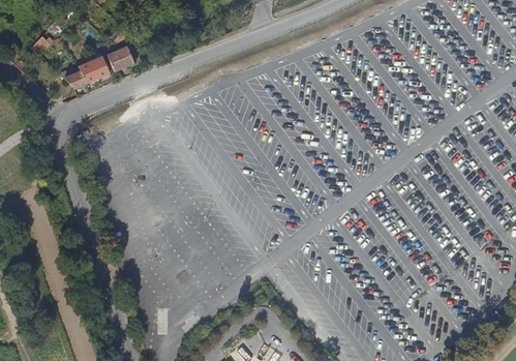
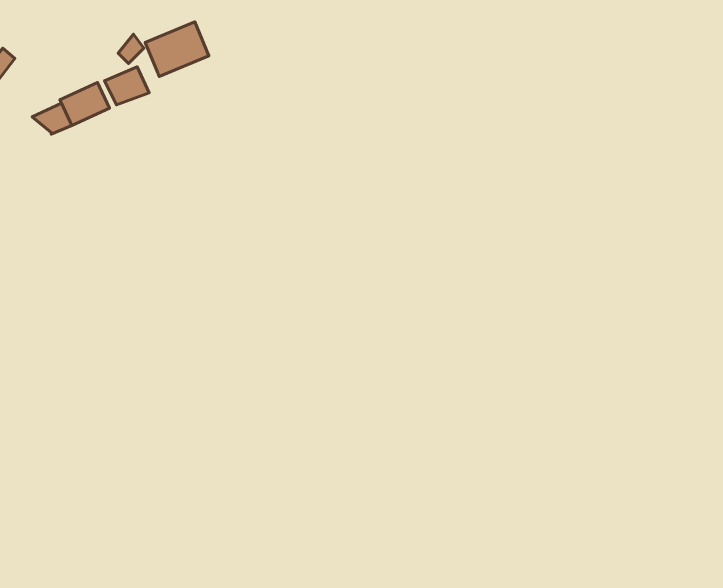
building: none -> [145,22,209,77]

